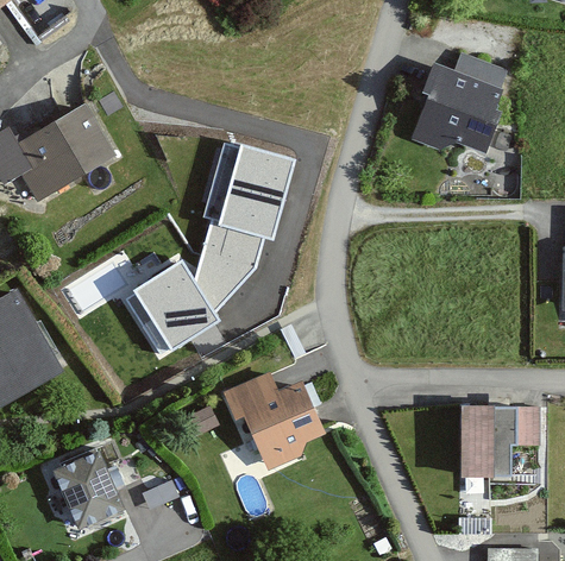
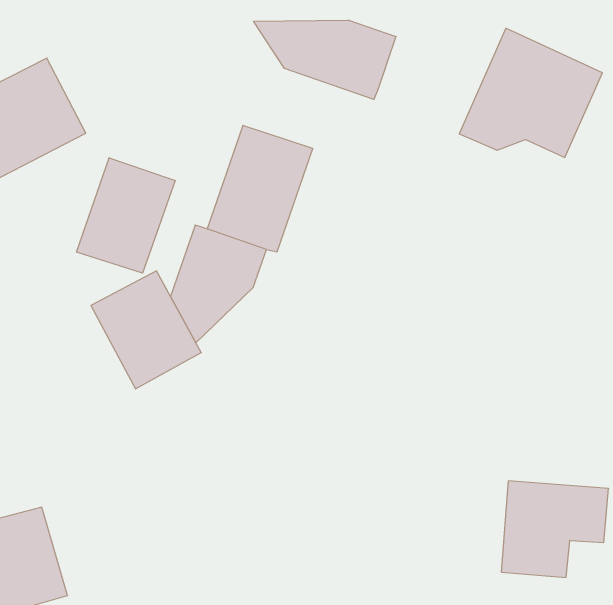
building: none -> [254,20,396,99]
building: none -> [76,158,175,273]
building: [232,378,324,475] -> none

